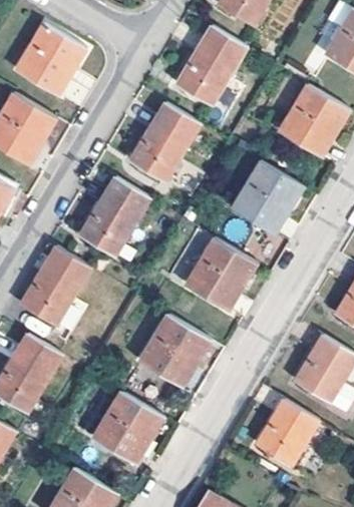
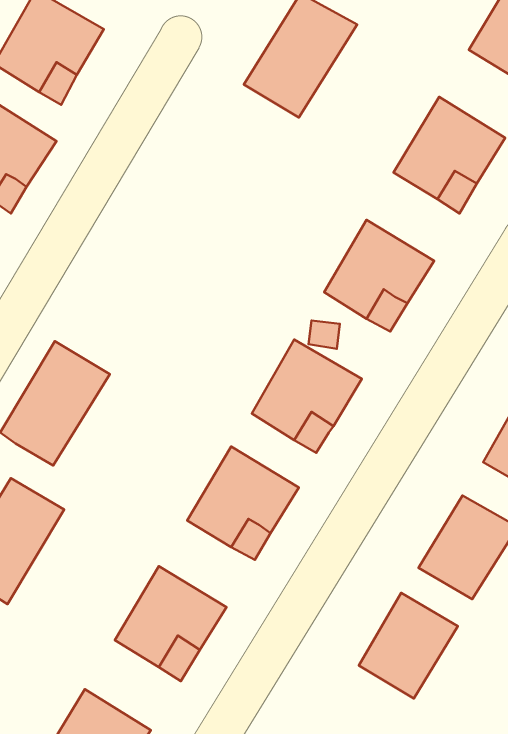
building: [130,102,201,181] -> none
building: [79,175,151,256] -> none

